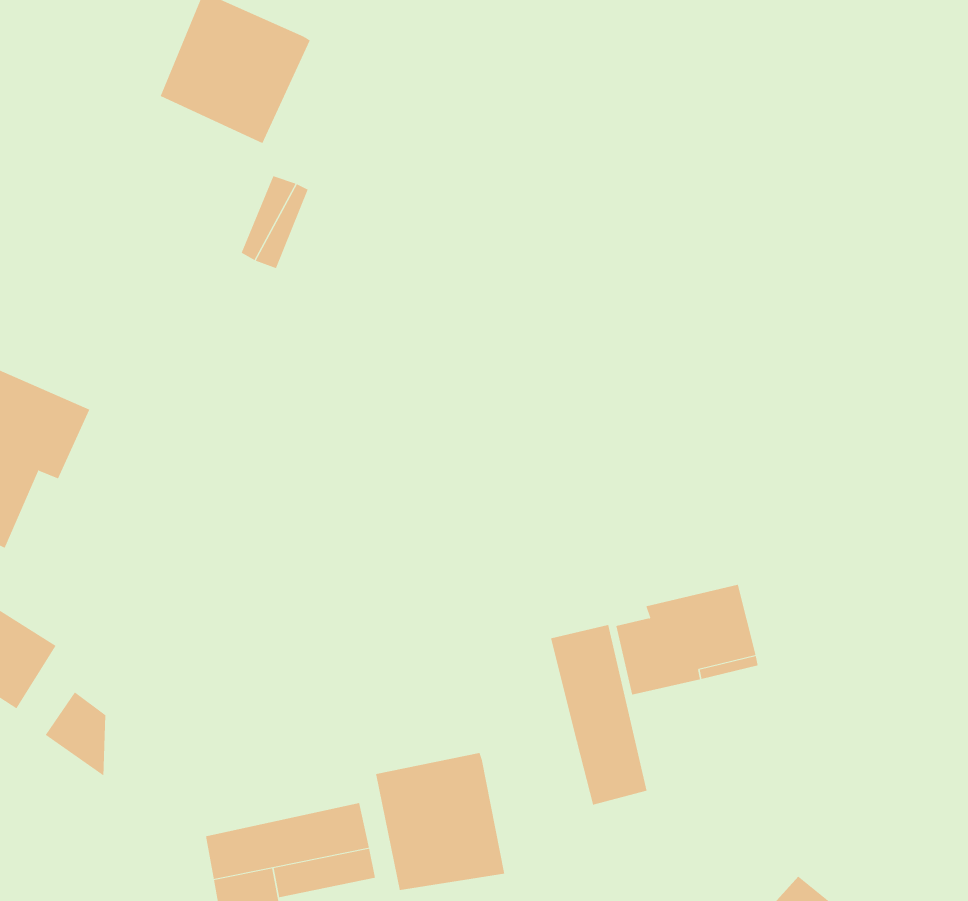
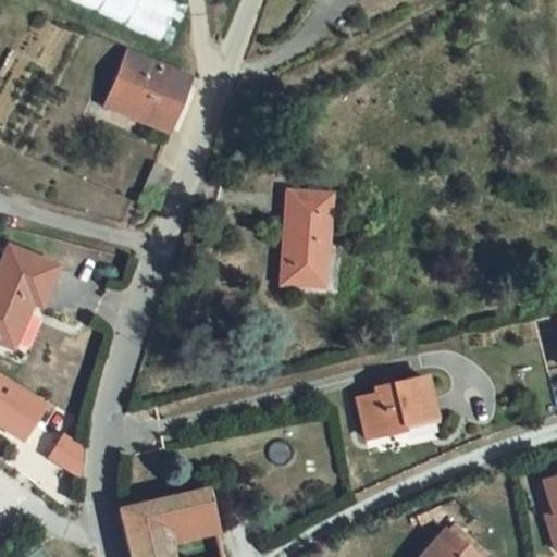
building: none -> [295,183,344,281]
building: [551,624,647,806] -> none
building: [376,752,505,891] -> none

